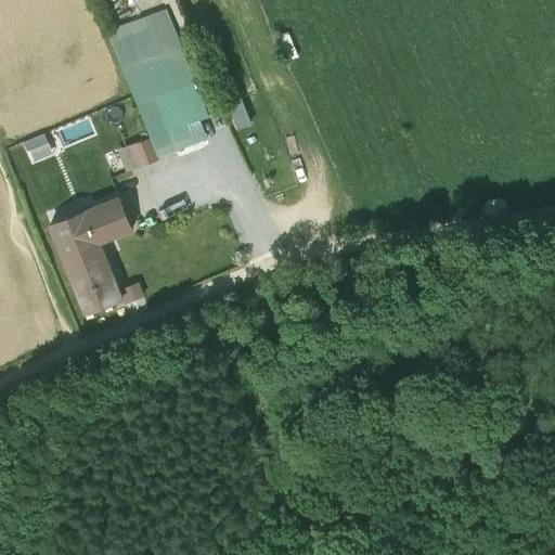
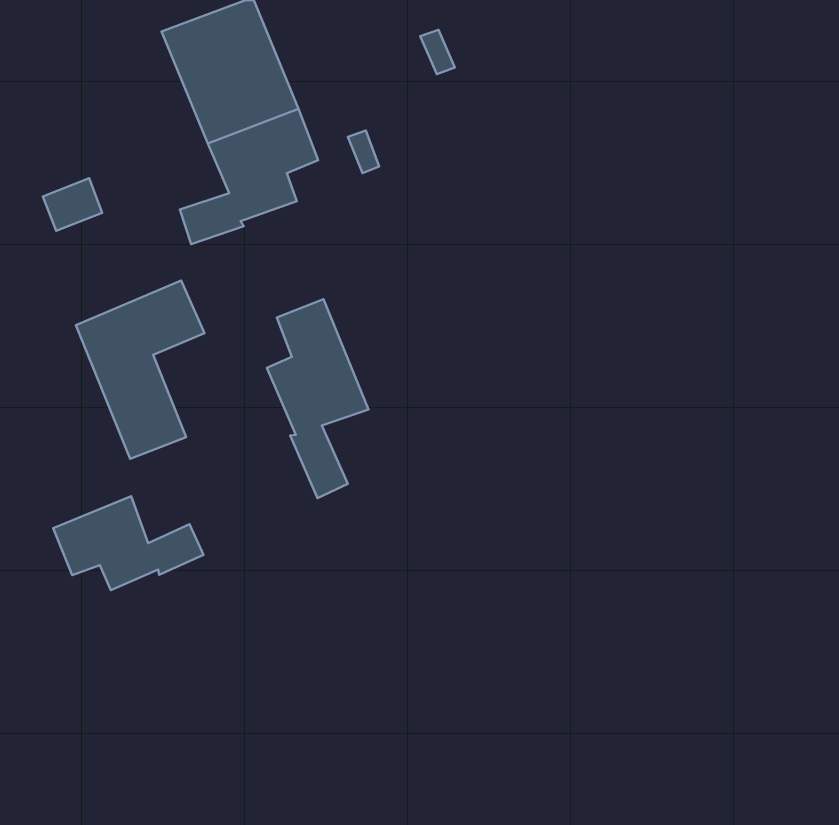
building: none -> [267,299,368,498]
building: none -> [53,496,203,590]

